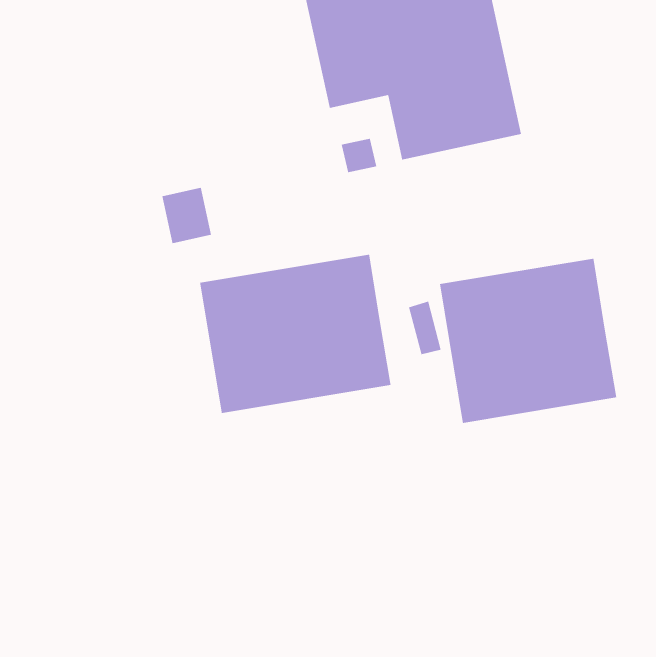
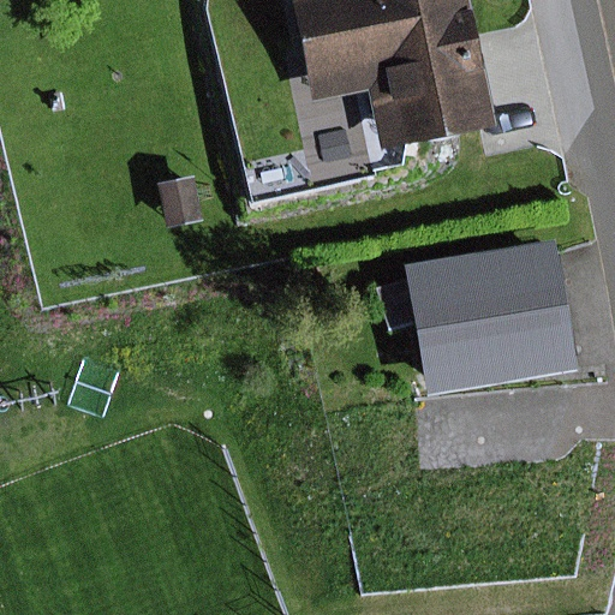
building: [200,254,391,414] -> none

